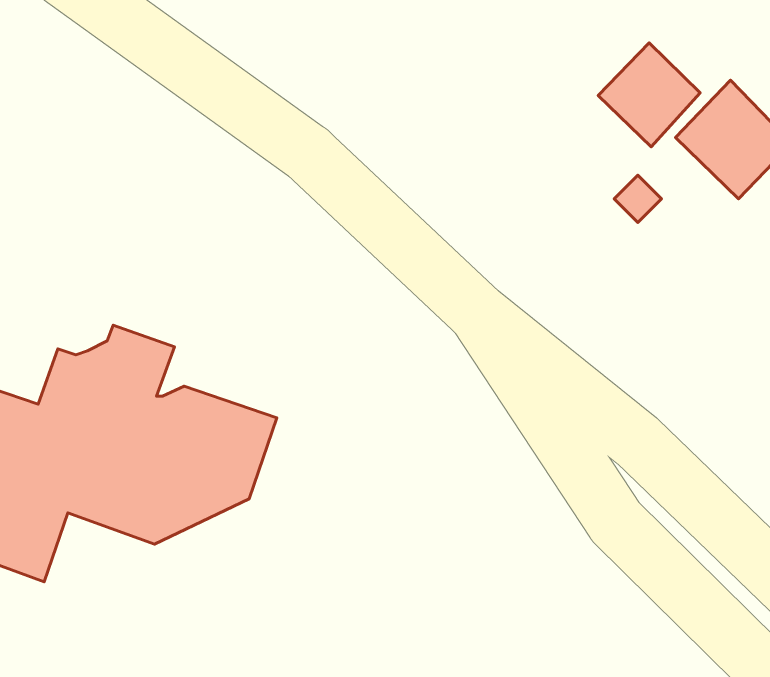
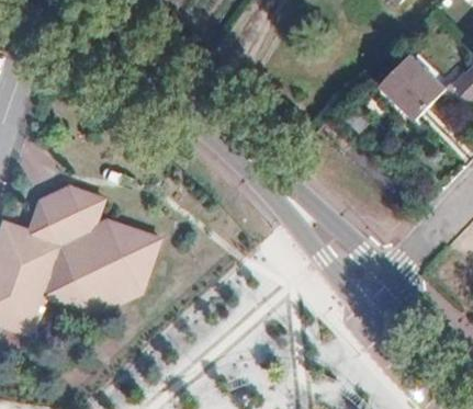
building: [598,43,700,147] -> none

